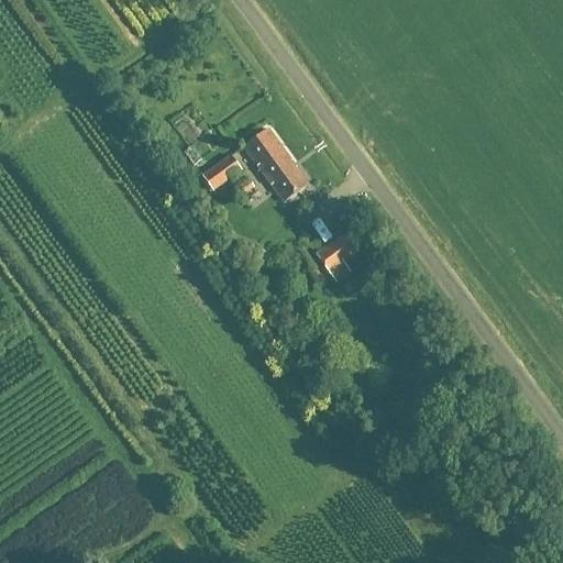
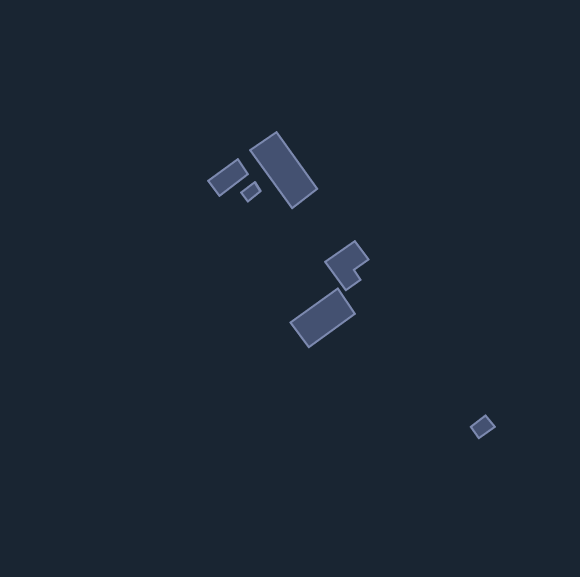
building: none -> [291,289,355,347]

